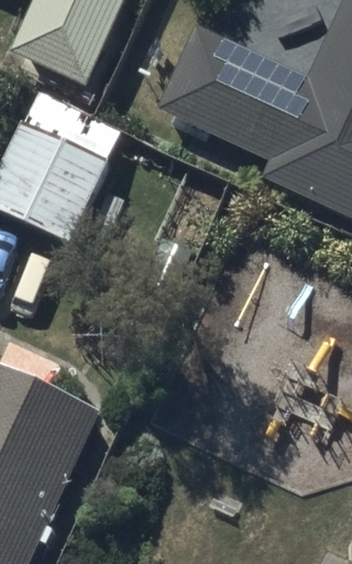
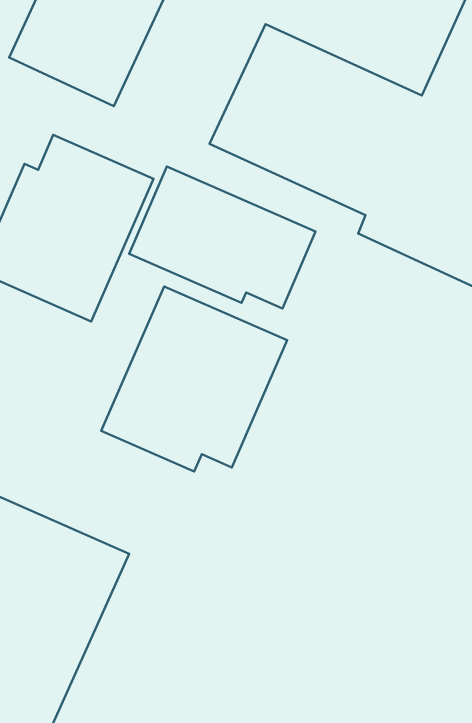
building: none -> [129,167,316,308]
building: none -> [101,286,287,472]

